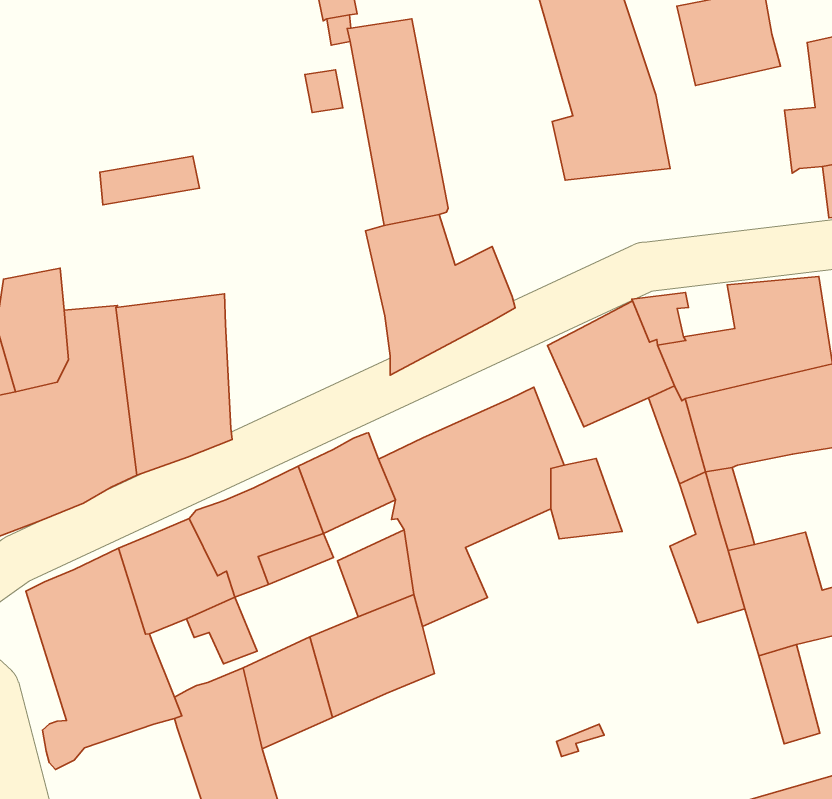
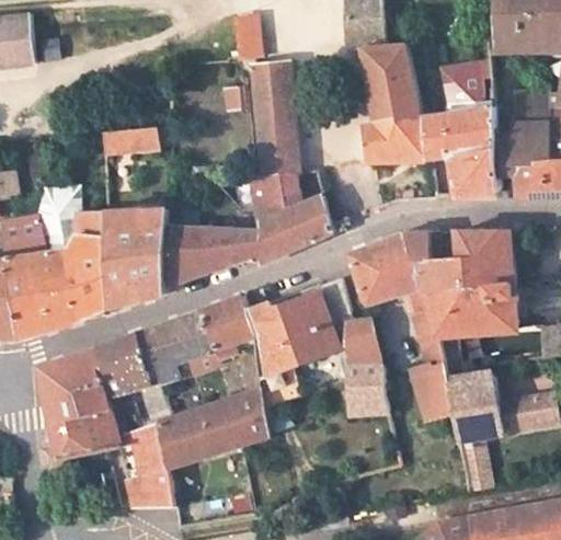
building: none -> [424,108,499,197]
building: none -> [165,227,260,286]
building: none -> [346,365,387,415]

